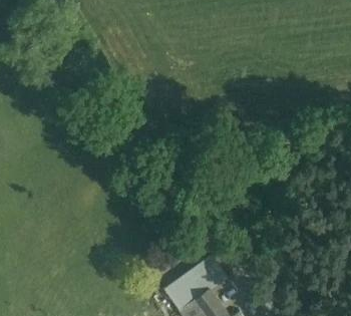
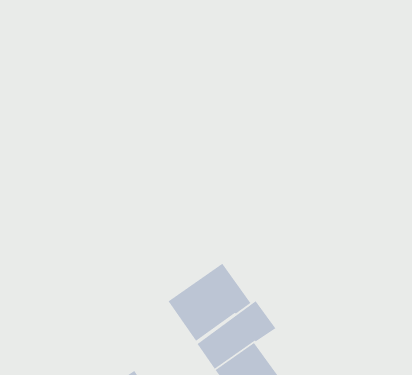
building: none -> [167,262,252,342]

